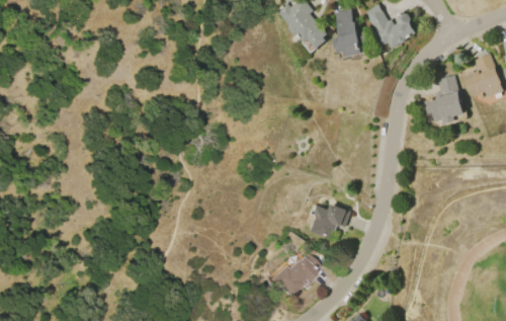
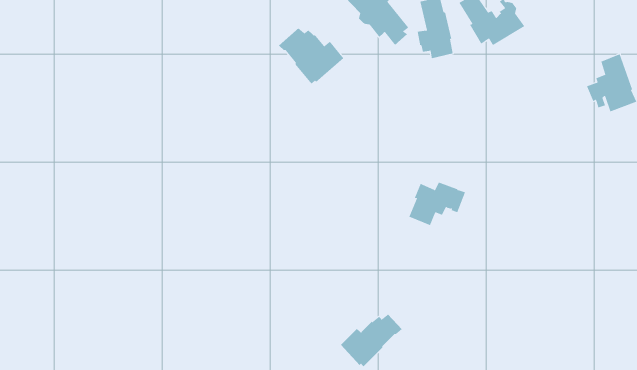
building: none -> [278,27,344,85]
building: [424,75,465,122] -> none
building: [308,205,352,239] -> [408,182,466,226]

